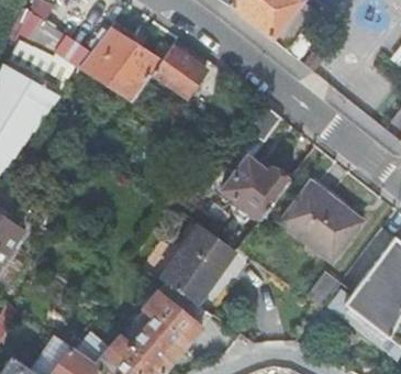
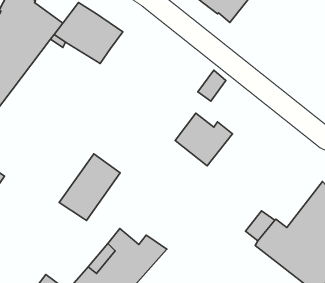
building: [147,45,205,96] -> none
building: [280,178,364,260] -> none
building: [160,223,232,301] -> [59,154,120,220]

